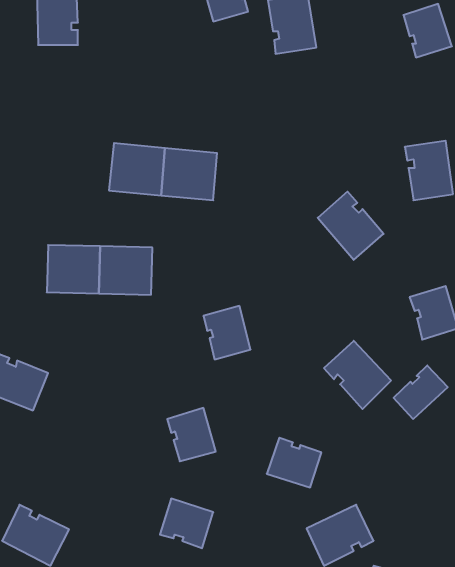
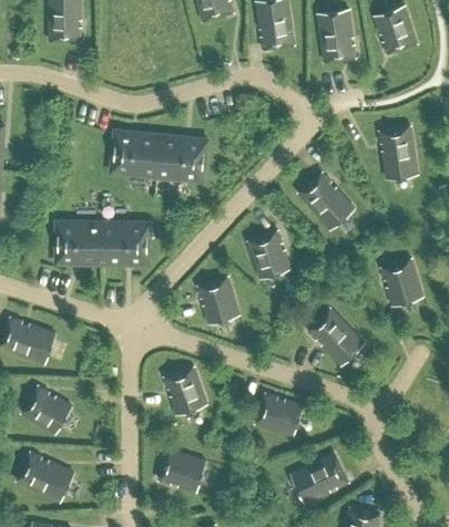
building: none -> [316,11,359,64]
building: none -> [245,228,293,277]
building: [394,365,448,419] -> none
building: none -> [22,385,73,435]

